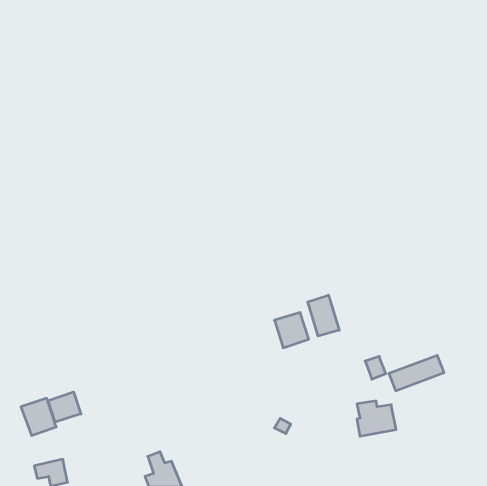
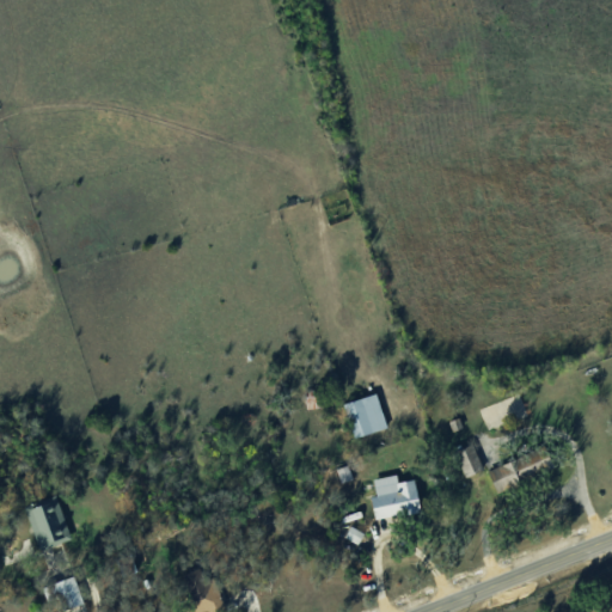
building: [308,295,339,336] -> none
building: [48,392,81,422] -> none
building: [357,401,396,436] -> [373,475,422,519]

